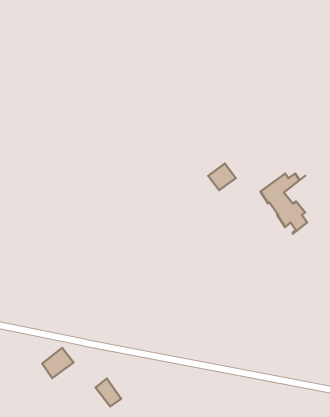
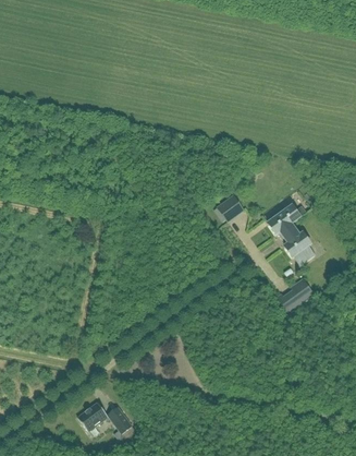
building: none -> [277,279,314,312]
building: [42,348,73,378] -> [77,401,108,431]

